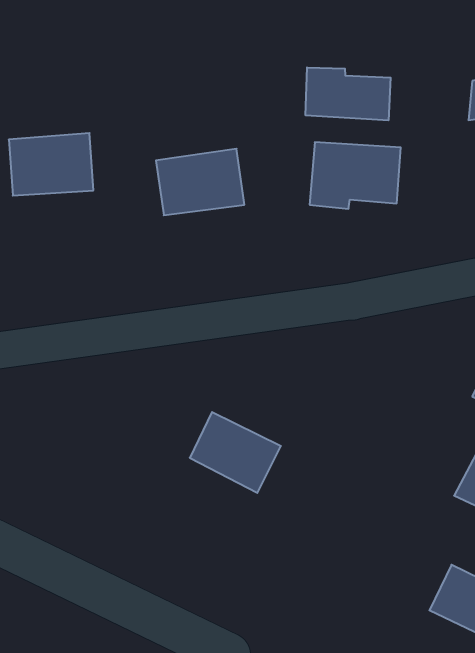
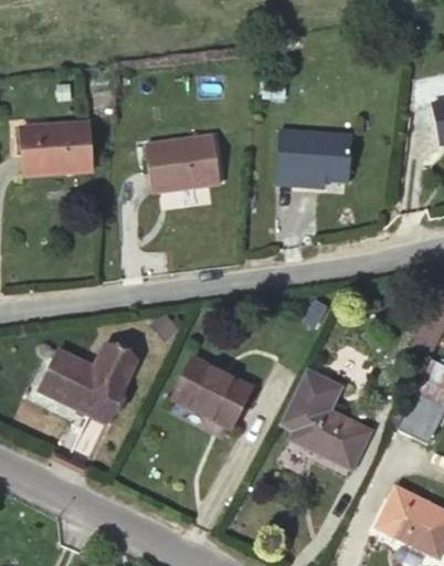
building: [306,67,391,120] -> none
building: none -> [40,345,138,423]
building: none -> [281,370,371,469]

